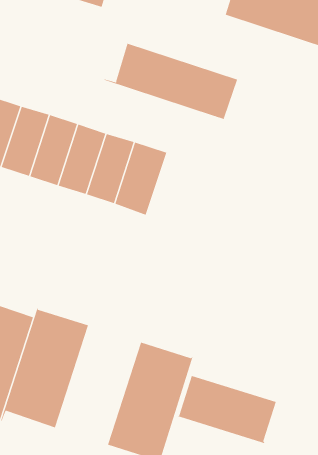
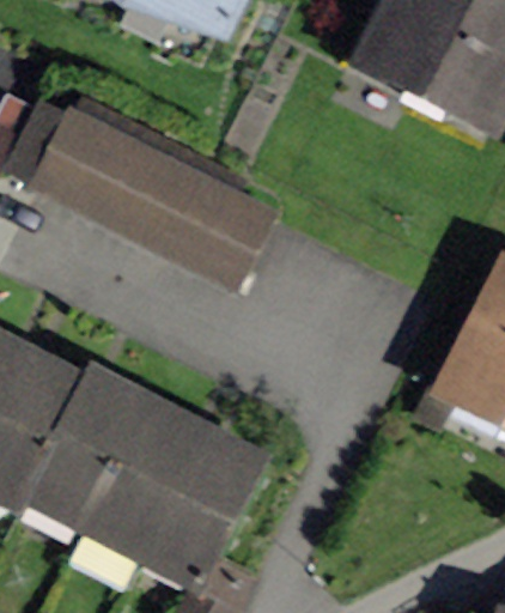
building: [101,43,238,121] -> none
building: none -> [81,408,200,556]
building: [175,375,277,445] -> none

